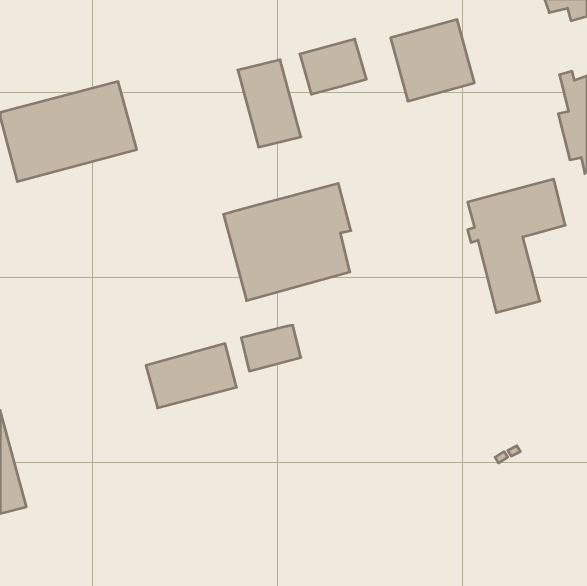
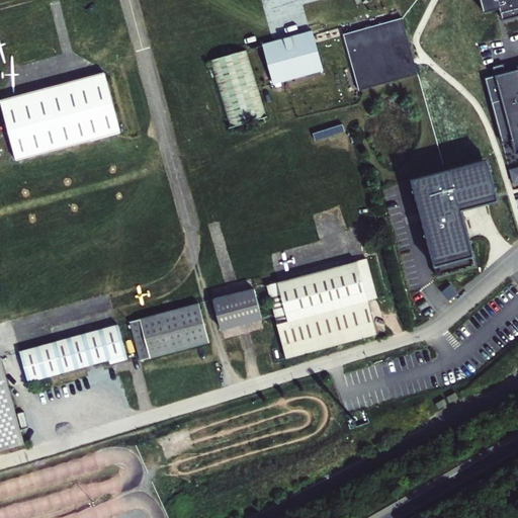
building: [223,183,351,301] -> [264,257,376,360]
building: none -> [19,324,127,379]

